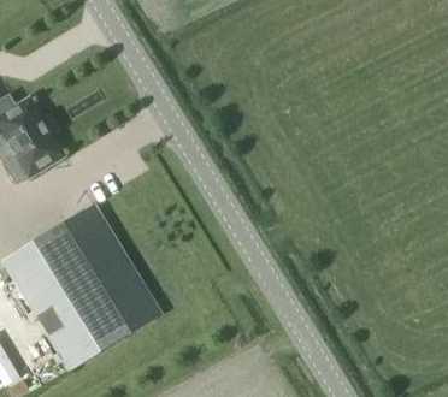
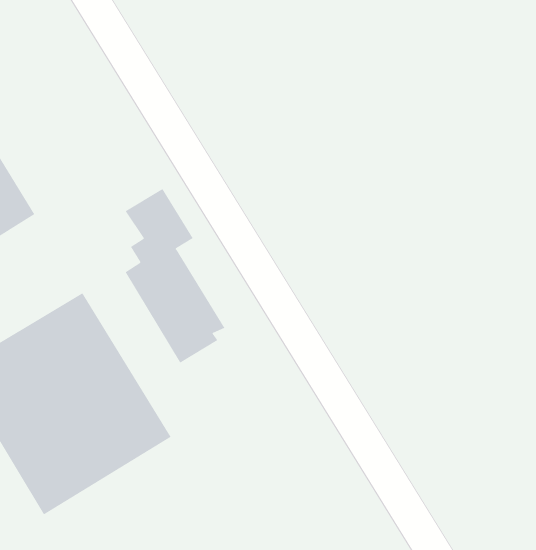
building: none -> [125,188,225,363]

